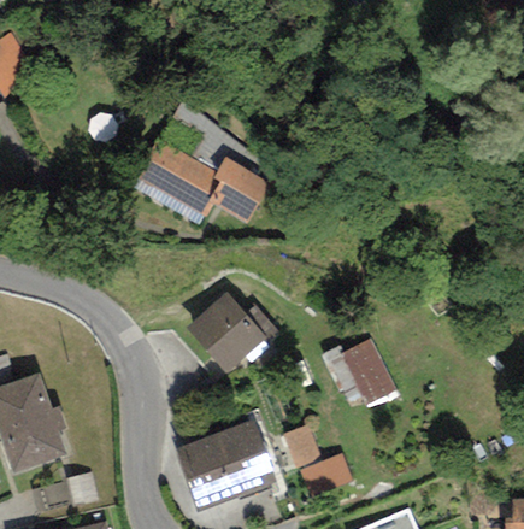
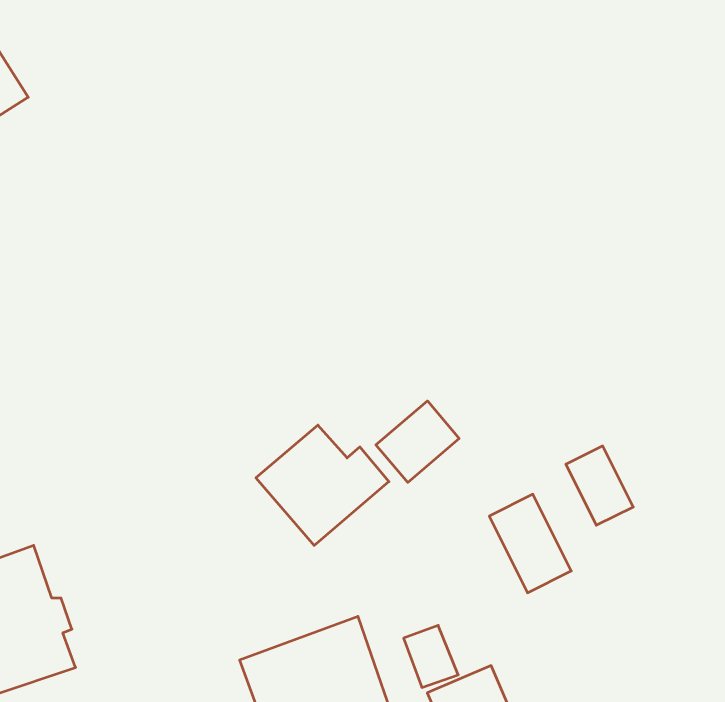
building: [134,137,271,224] -> none
building: none -> [376,401,459,482]
building: none -> [566,446,633,525]

